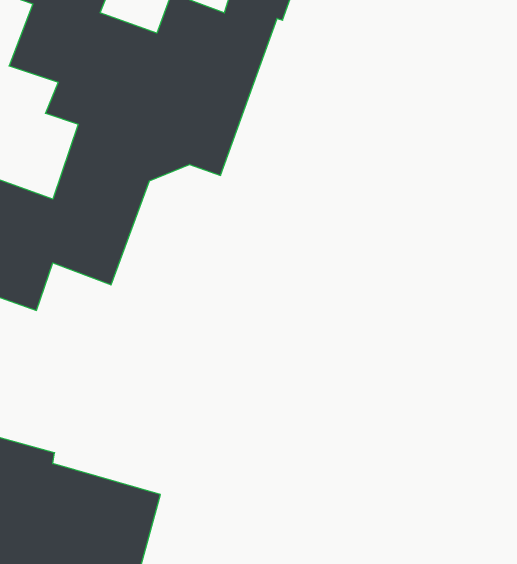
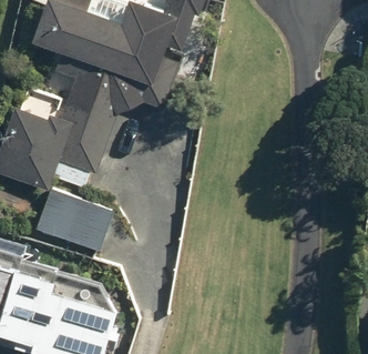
building: none -> [34,189,114,255]

